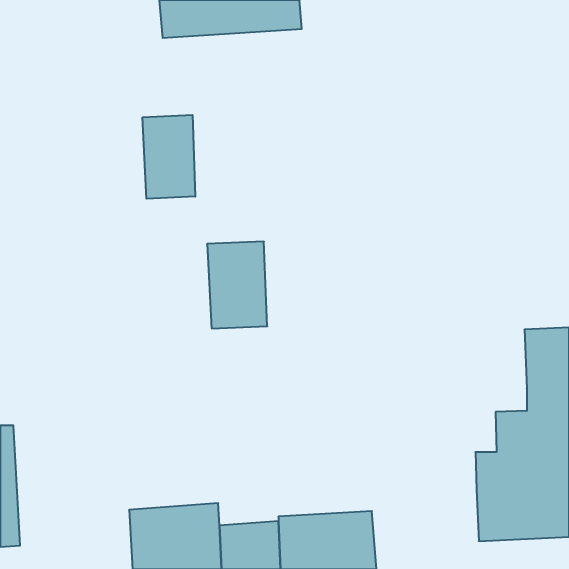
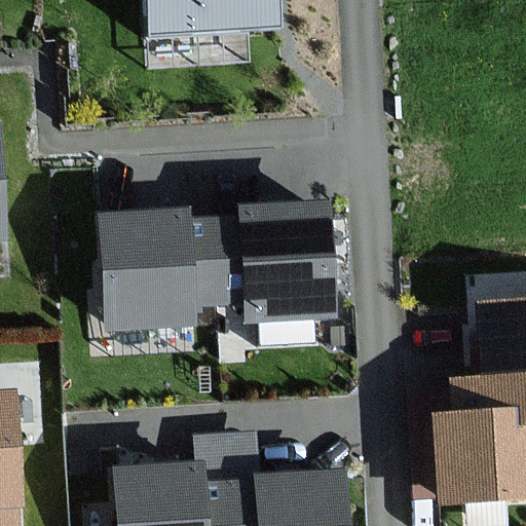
building: [143,115,195,199] -> none
building: none -> [242,205,332,318]
building: none -> [103,211,196,326]

